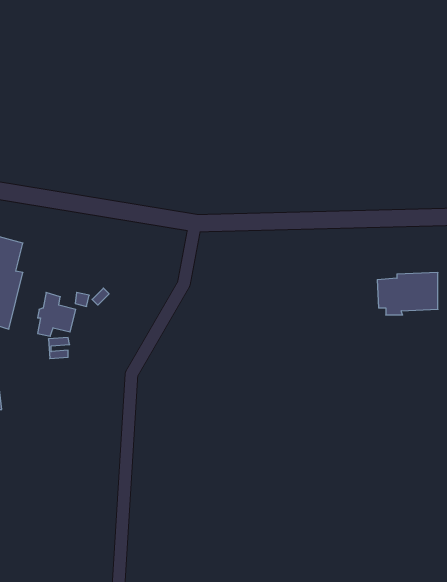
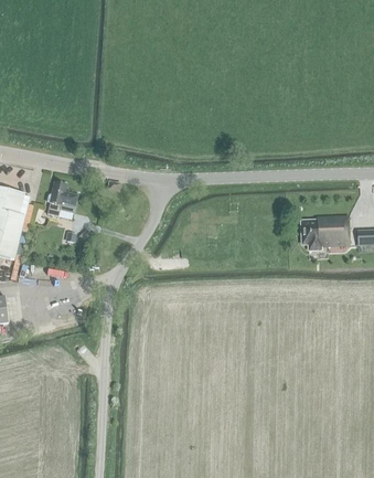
building: [38,292,76,336] -> [47,181,77,215]

